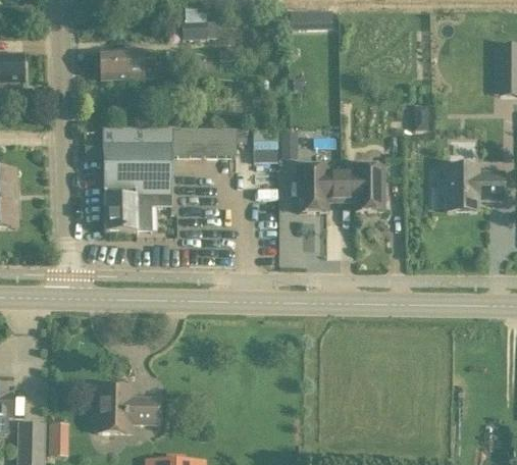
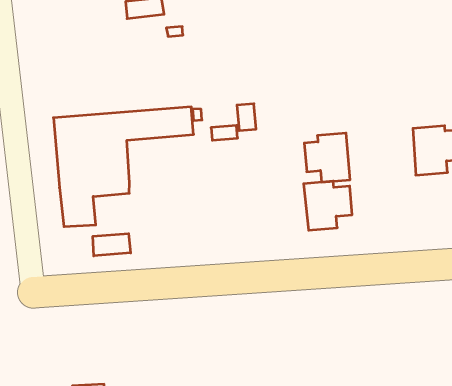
building: [100,49,155,80] -> none
building: [298,166,342,211] -> [304,181,352,230]
building: none -> [93,234,131,256]

